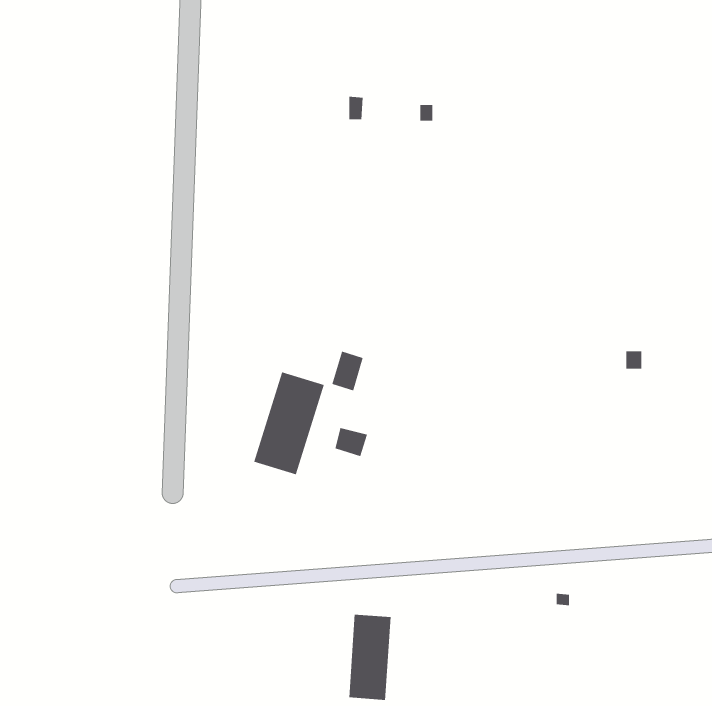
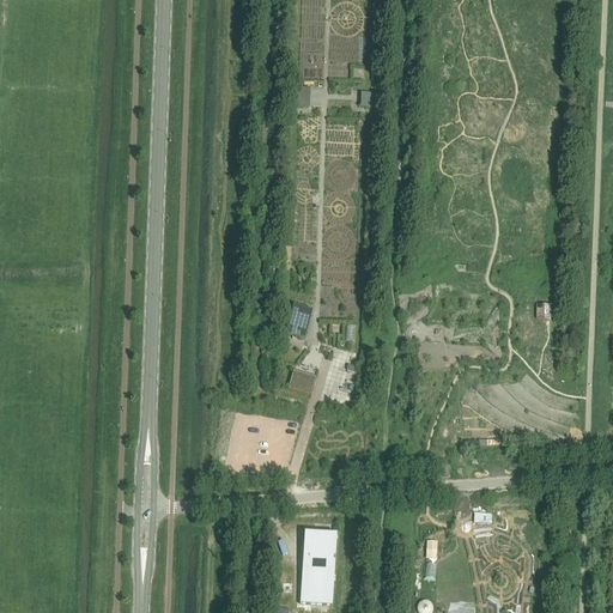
building: [253,372,324,475] -> none

